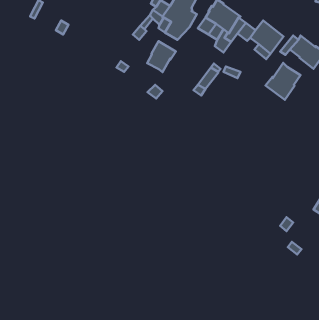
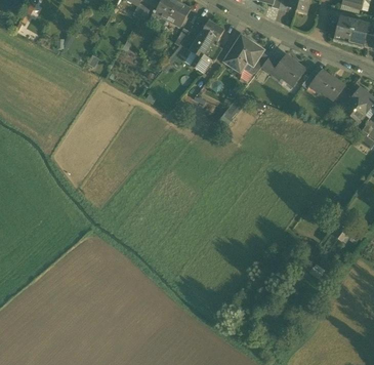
building: [147,41,176,72] -> none
building: [265,63,300,100] -> none

